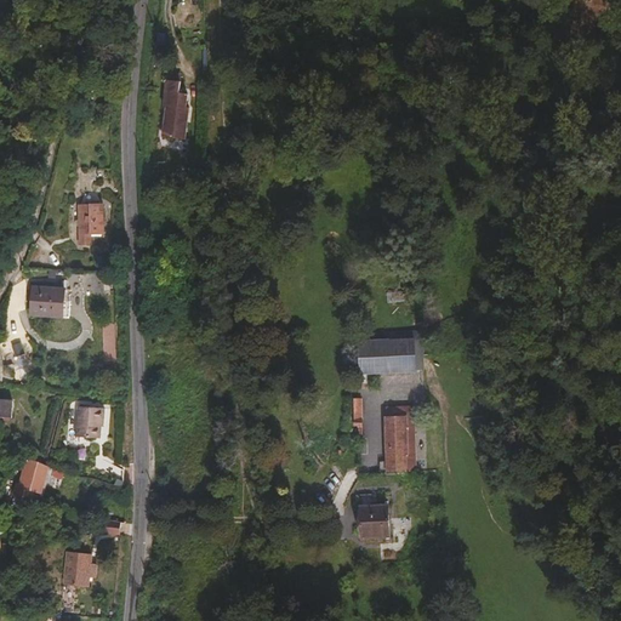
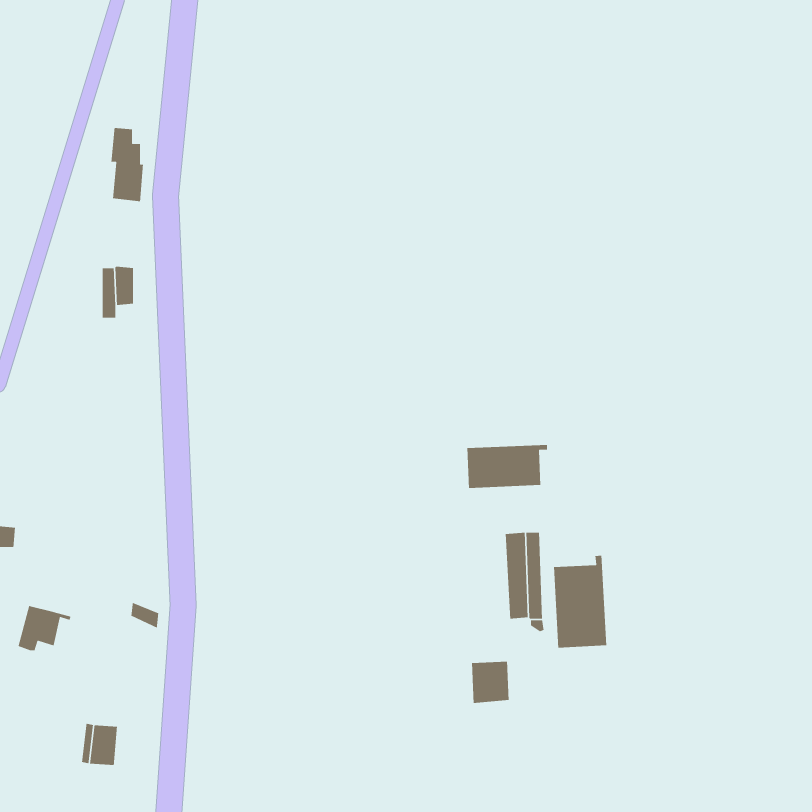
building: [161,79,187,136] -> [111,127,144,202]
building: [29,286,69,315] -> none
building: [74,403,106,438] -> none
building: none -> [553,555,607,648]

